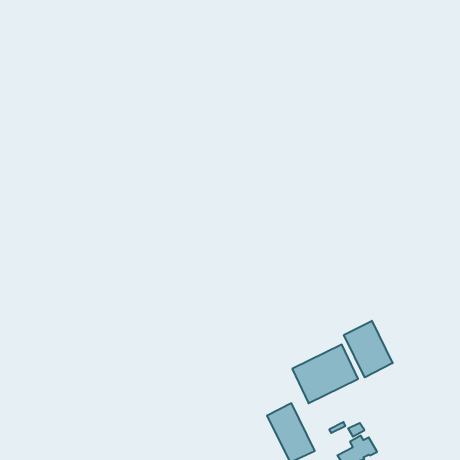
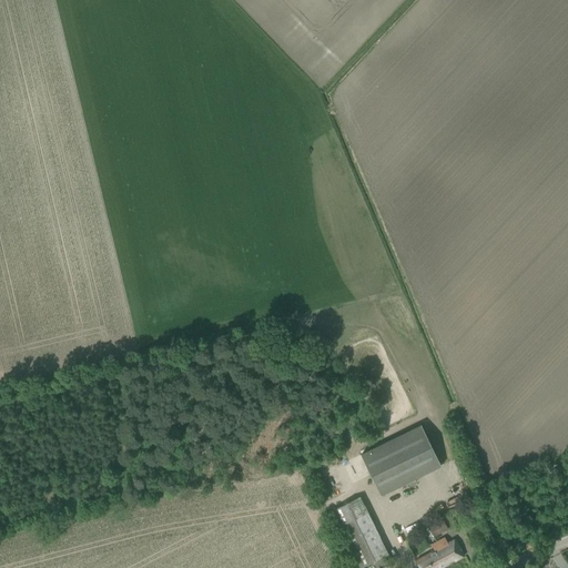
building: [344,321,393,377] -> none

